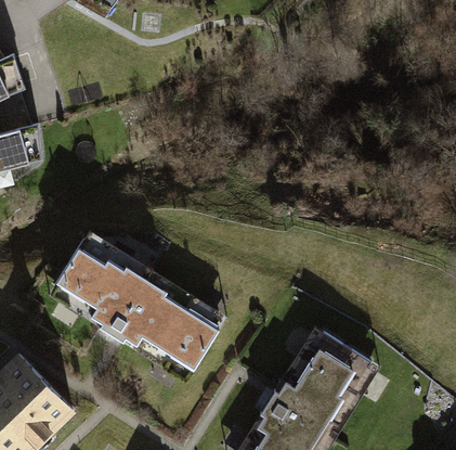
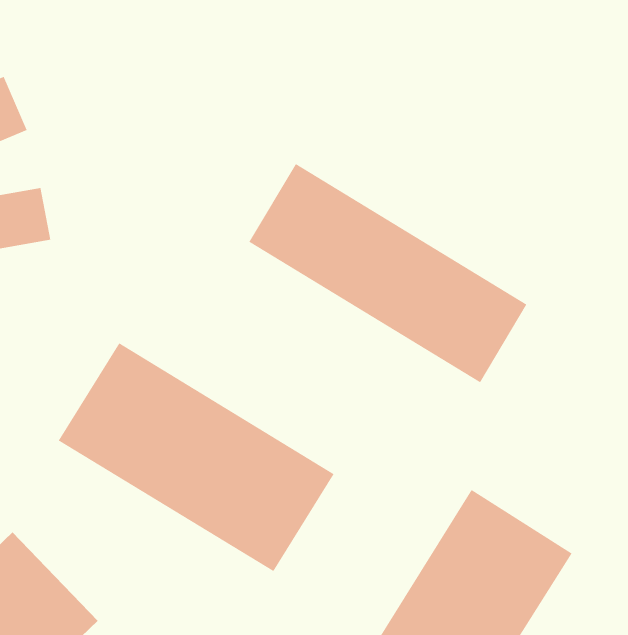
building: none -> [249,163,527,383]

